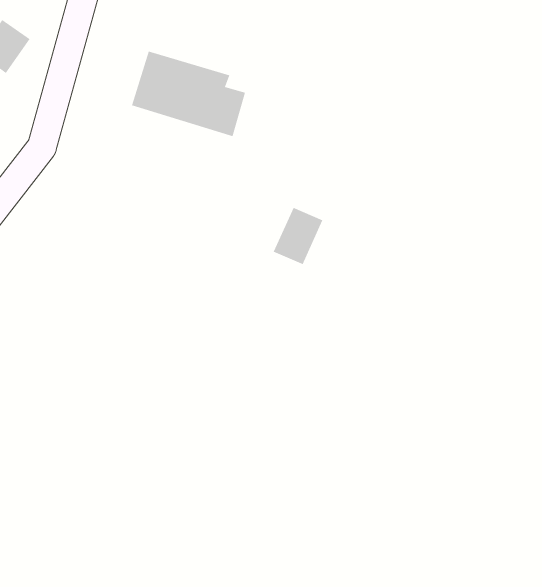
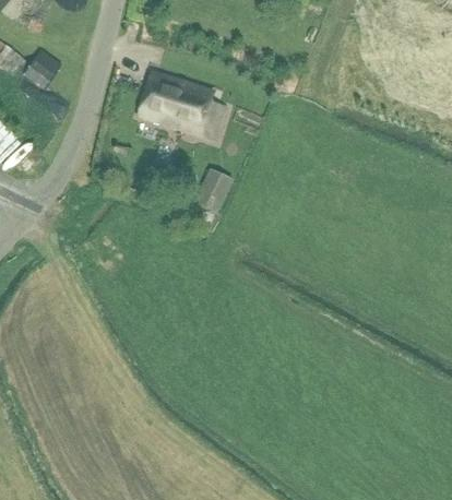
building: [273,207,323,265] -> [192,166,230,210]

